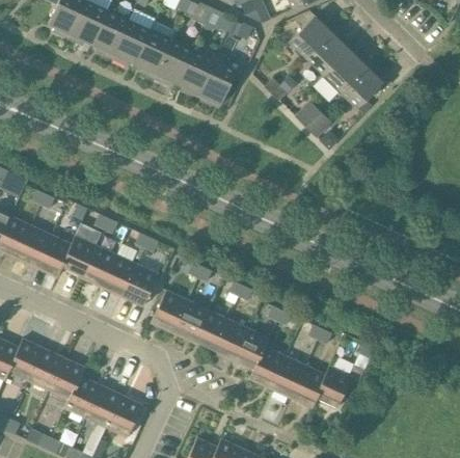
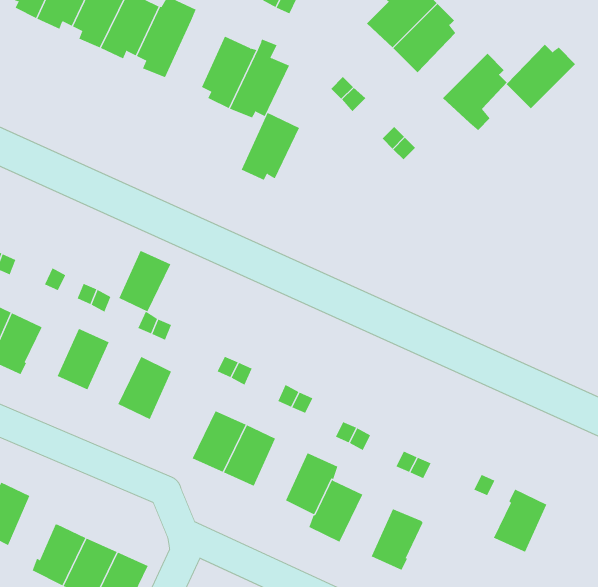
building: [155,39,194,85] -> [241,112,300,181]
building: [323,48,370,91] -> [506,44,576,109]
building: [61,235,97,277] -> none
building: [103,254,138,296] -> [118,250,171,312]
building: [152,290,188,332] -> none
building: [214,319,249,360] -> none
building: [271,356,306,398] -> none
building: [50,357,86,400] -> none
building: [316,366,352,408] -> [493,489,547,553]

